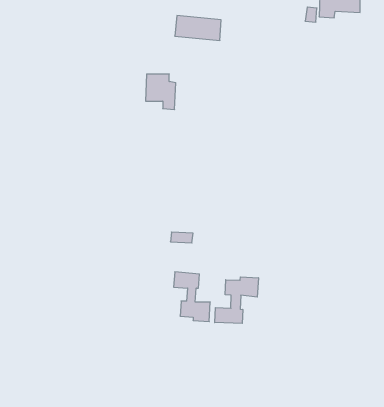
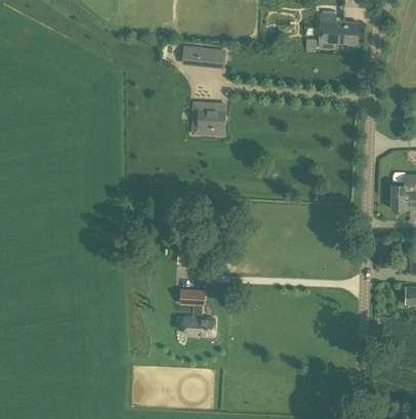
building: [146,74,176,110] -> [197,102,225,136]
building: [215,277,258,323] -> none

